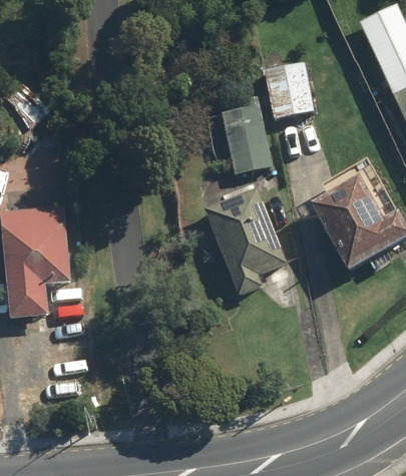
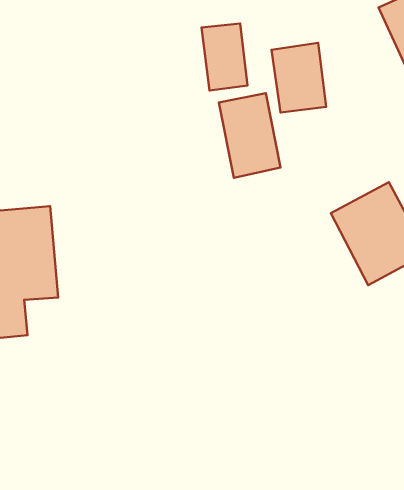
building: none -> [202,24,248,90]
building: [201,187,285,296] -> none

